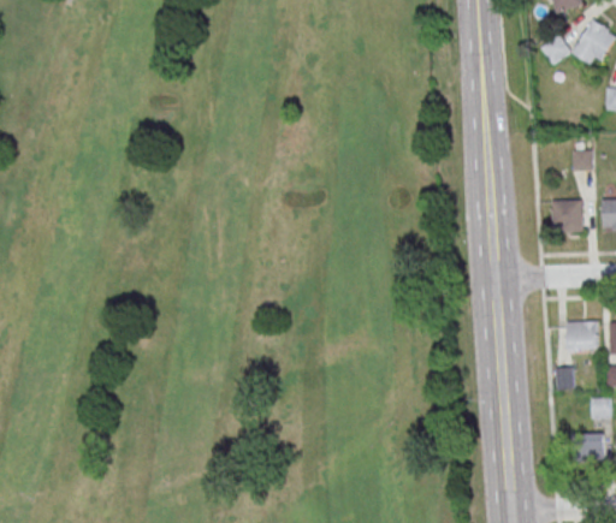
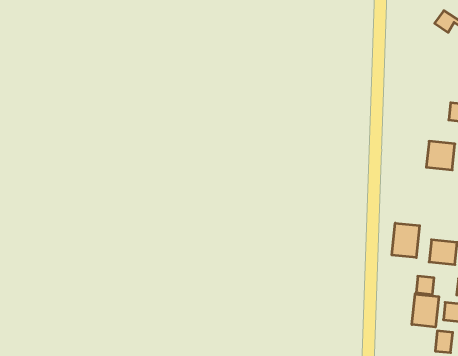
building: none -> [392,223,420,258]
building: none -> [412,294,439,327]

